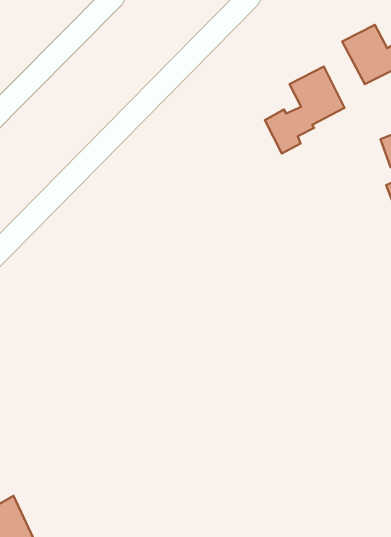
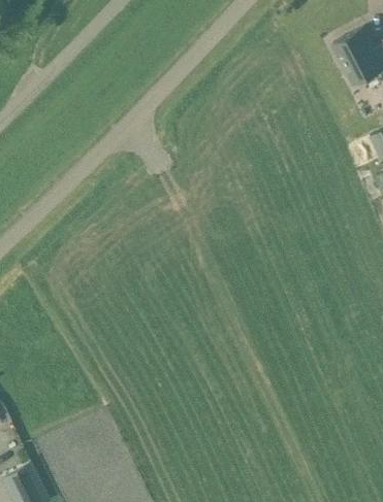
building: [265,67,345,153] -> none

